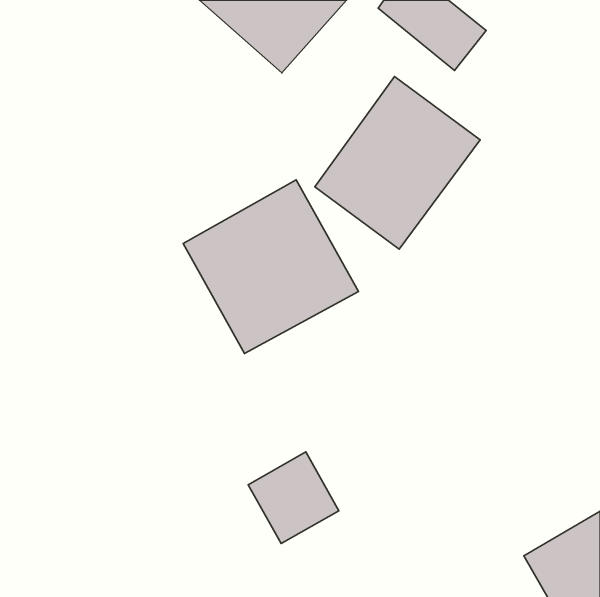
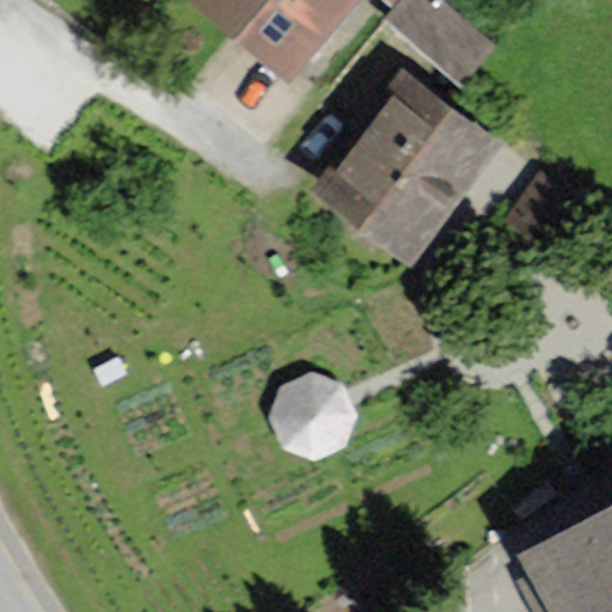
building: [183,180,359,354] -> none
building: [248,452,339,544] -> [267,365,359,458]

